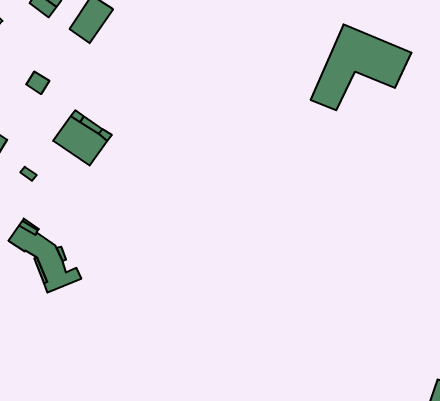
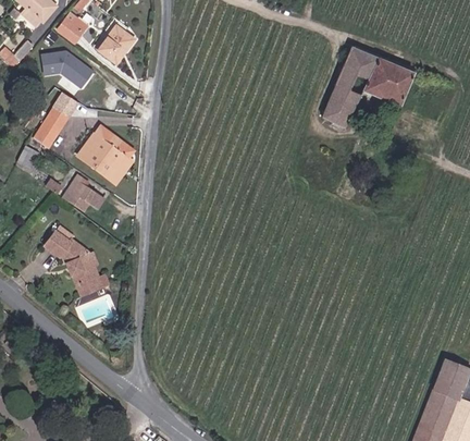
building: none -> [42,50,96,88]
building: none -> [37,106,69,143]
building: none -> [66,176,107,212]

